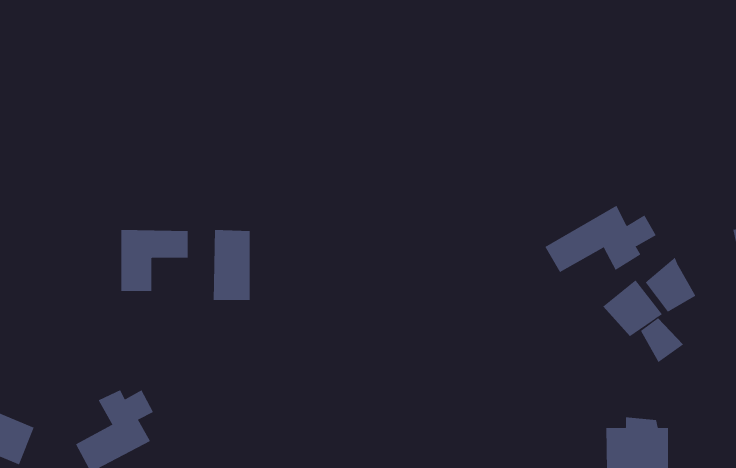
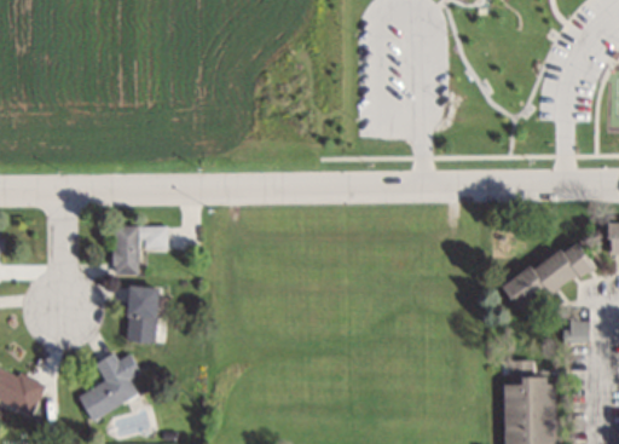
building: [545,205,656,273] -> none
building: [213,229,250,300] -> [127,286,157,342]
building: [640,317,684,363] -> [561,242,596,278]

